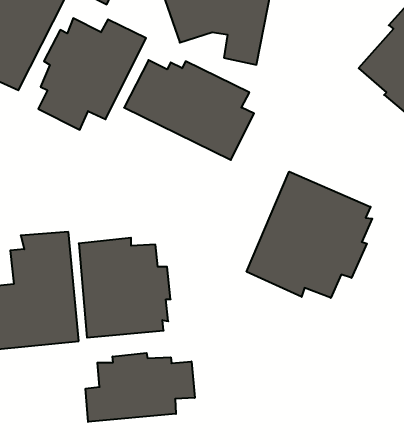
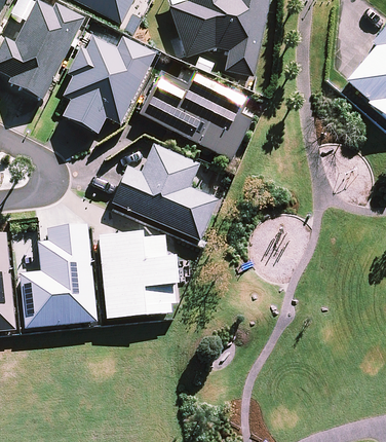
building: none -> [111,144,220,241]
building: [247,172,372,298] -> none
building: [86,353,195,422] -> none

